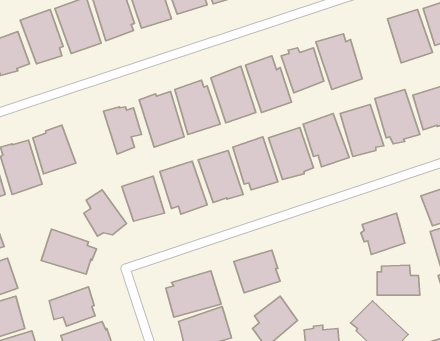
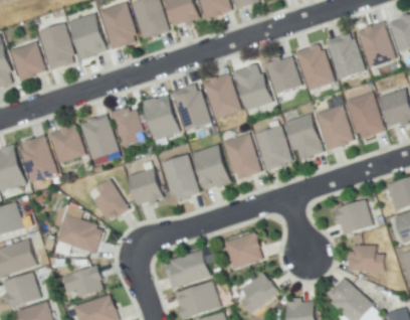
building: none -> [325,32,366,81]
building: none -> [79,115,119,162]

